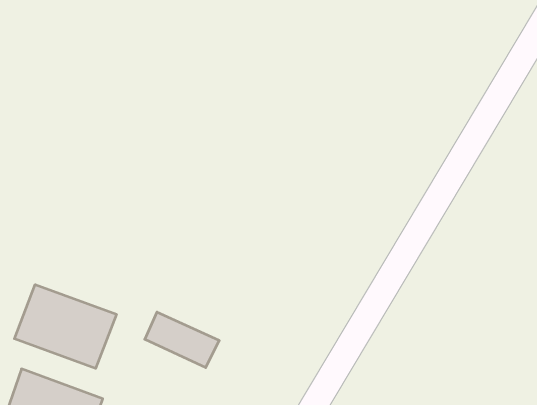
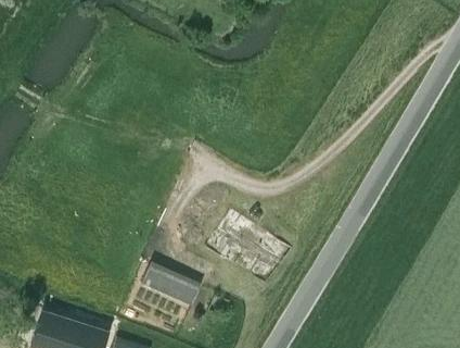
building: [14,285,116,368] -> none

